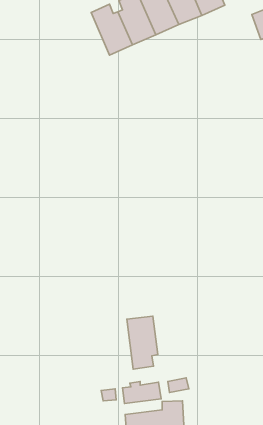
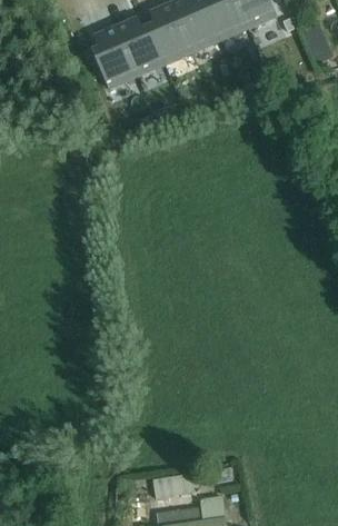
building: none -> [91,26,137,89]
building: [127,316,158,369] -> none

